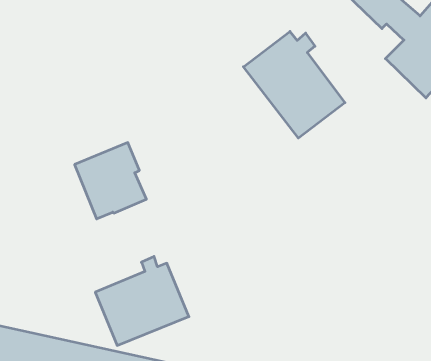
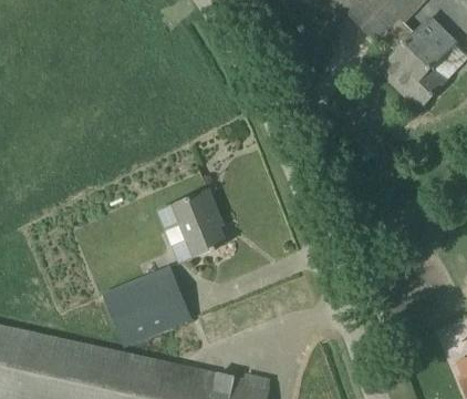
building: [243,31,345,138] -> none
building: [75,143,146,219] -> [157,191,226,264]

